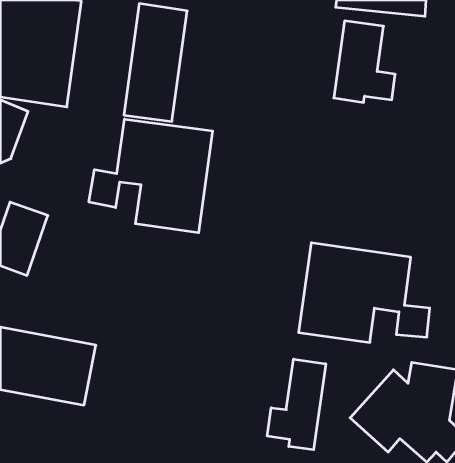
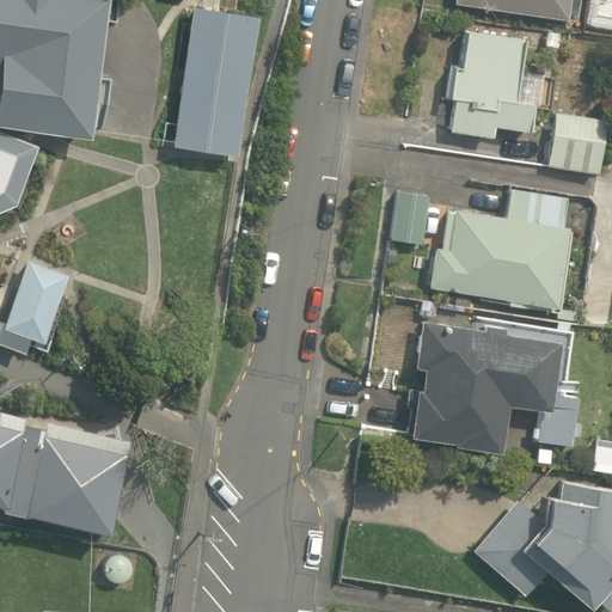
building: none -> [545,111,606,171]
building: [89,119,213,233] -> none
building: none -> [397,186,562,307]
building: [267,359,326,450] -> none

